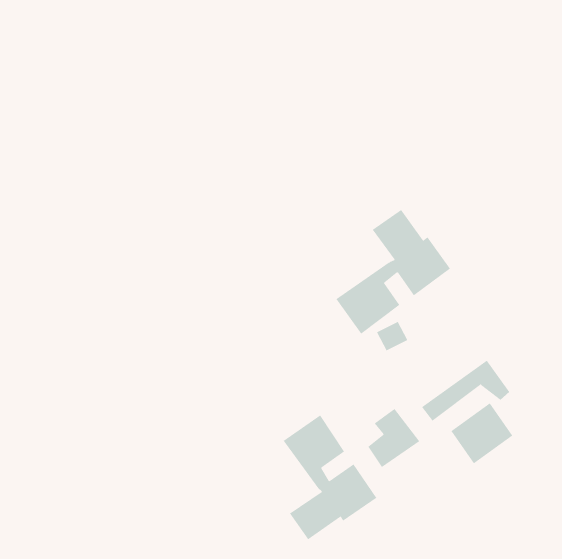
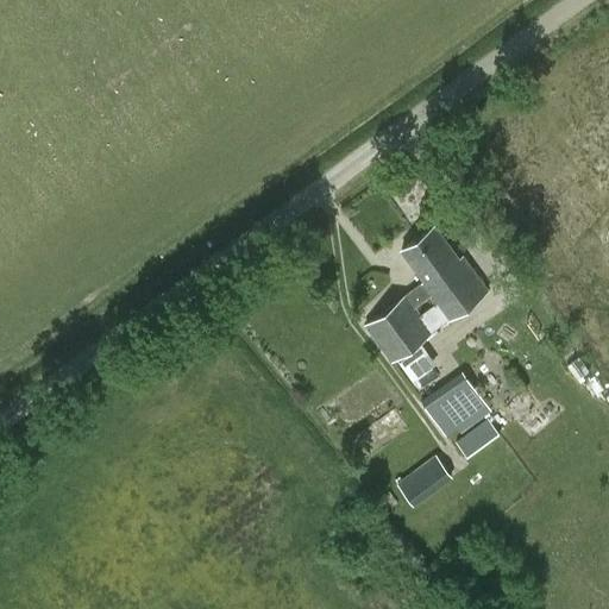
building: [450,402,513,464] -> [421,372,489,439]
building: [283,415,377,540] -> none

